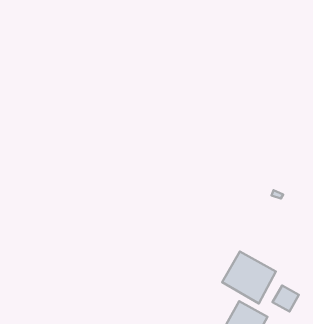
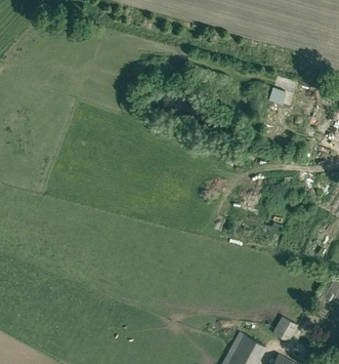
building: [222,251,276,304] -> none

